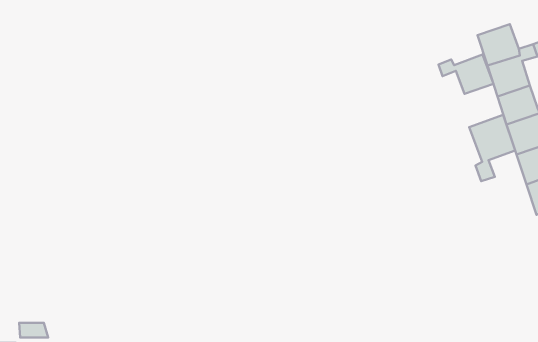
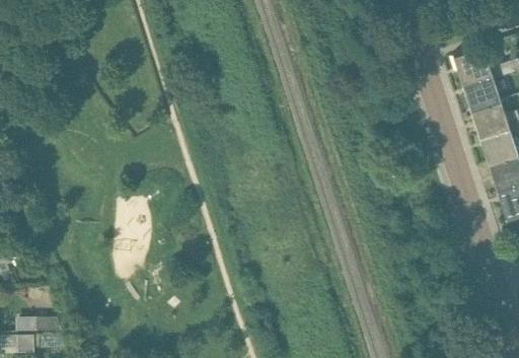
building: [439,54,493,94] -> none
building: [469,115,515,181] -> none

